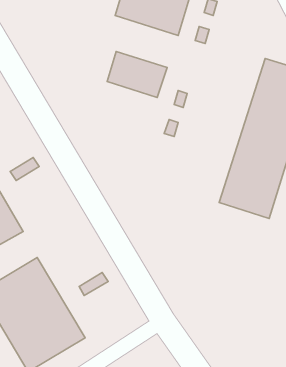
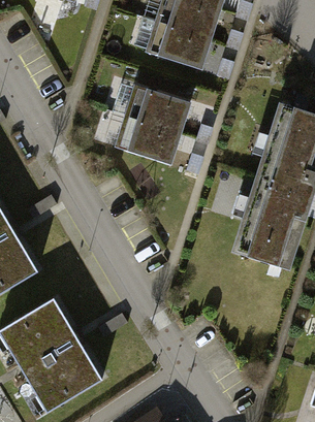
building: none -> [117,117,179,163]

